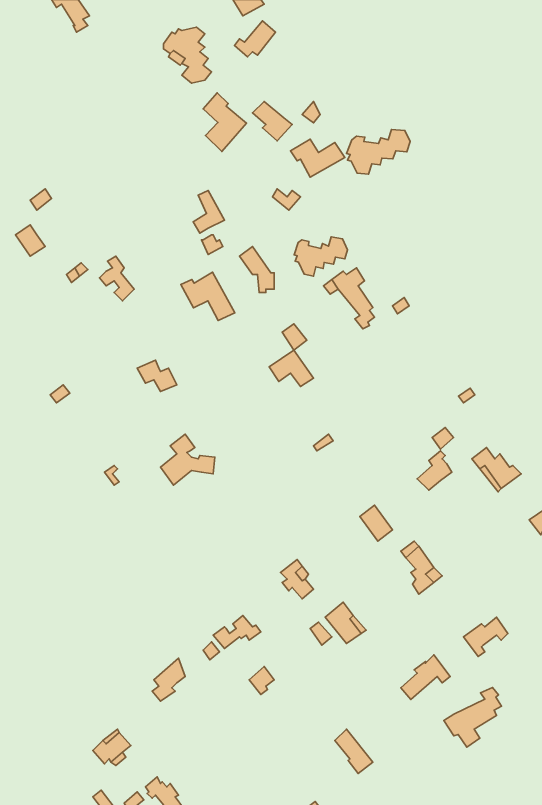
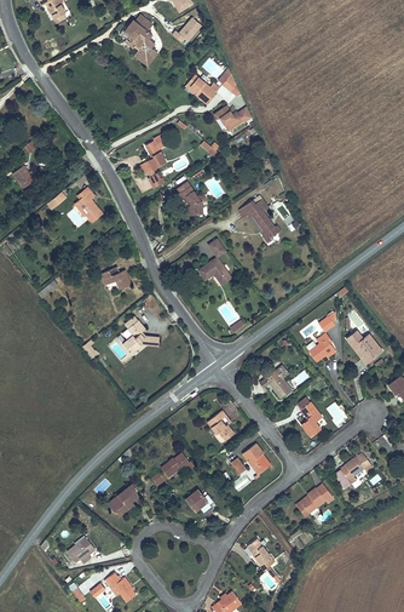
building: [203,93,246,152] -> none
building: [347,130,410,174] -> none
building: [294,237,347,276] -> none
building: [181,272,235,320] -> none
building: [444,687,501,747] -> none

